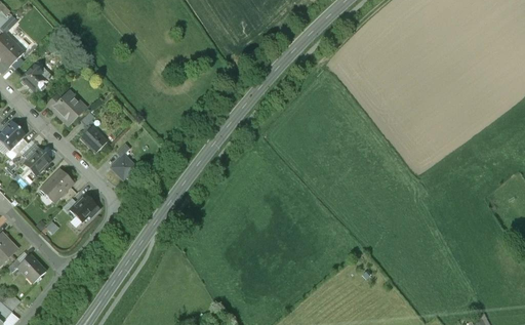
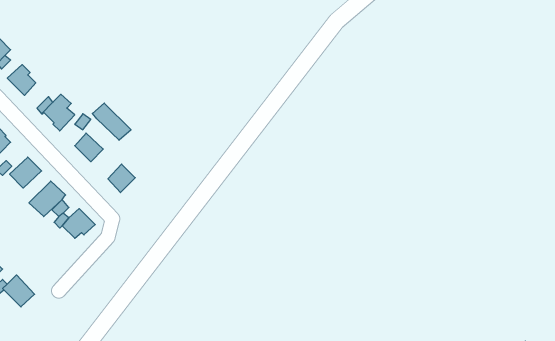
building: none -> [92,103,131,140]

